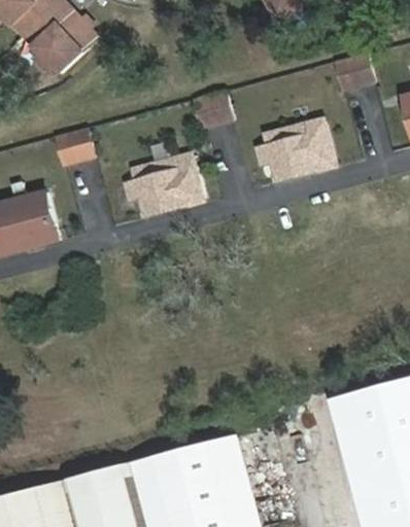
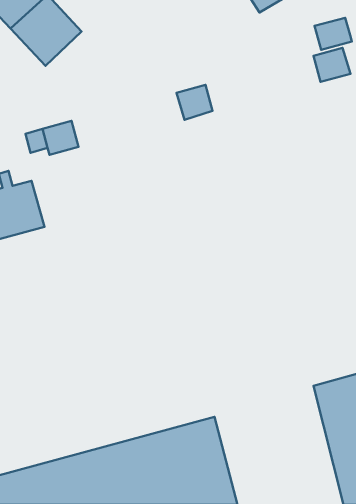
building: none -> [314,18,352,50]
building: [254,119,333,180] -> none
building: [123,154,201,216] -> none

